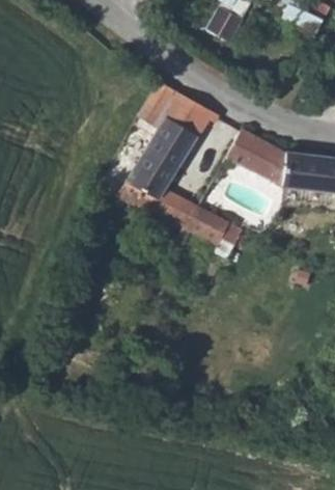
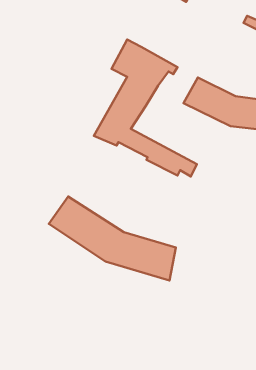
building: none -> [49,197,176,280]

